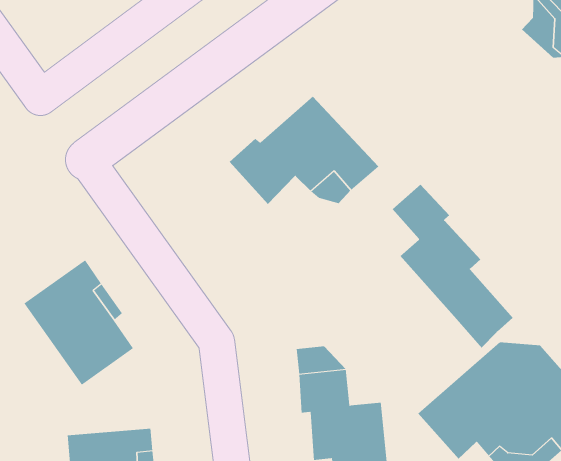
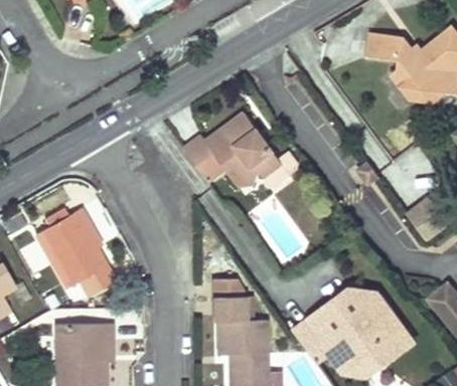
building: [392,184,514,348] -> none

